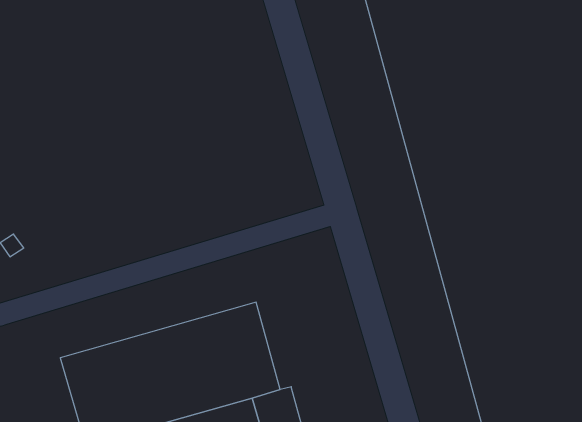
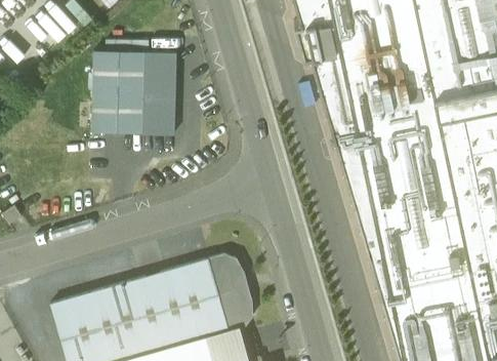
building: none -> [95,52,178,132]
building: none -> [212,255,255,330]

